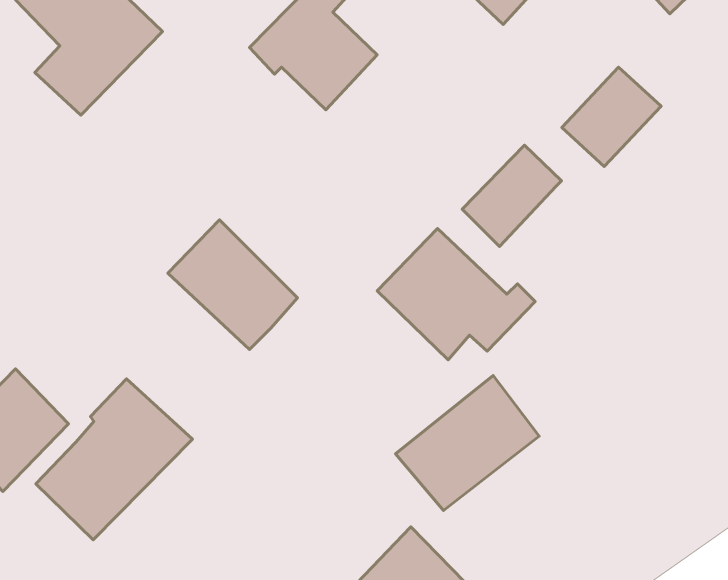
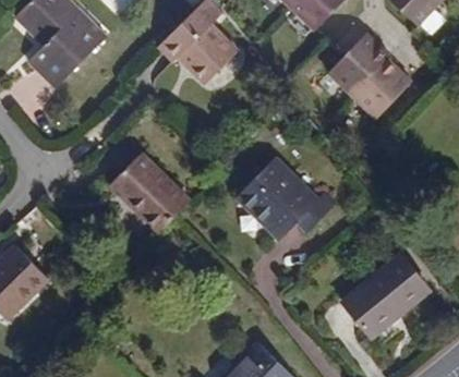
building: [462,145,562,246] -> [328,33,389,95]
building: [395,376,539,511] -> [342,253,431,336]
building: [36,379,192,540] -> none

